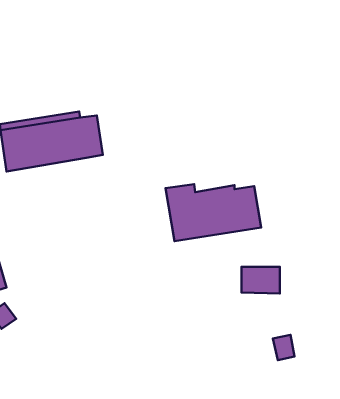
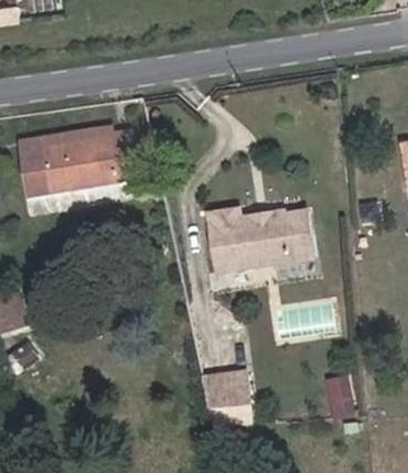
building: none -> [201,370,249,405]

